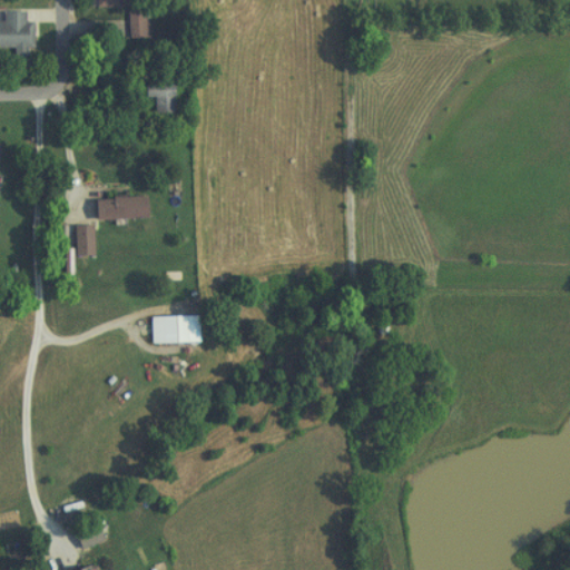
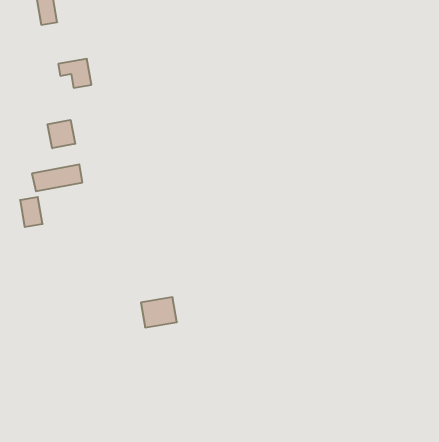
building: none -> [48,120,75,148]
building: [153,315,188,343] -> [141,297,177,327]

